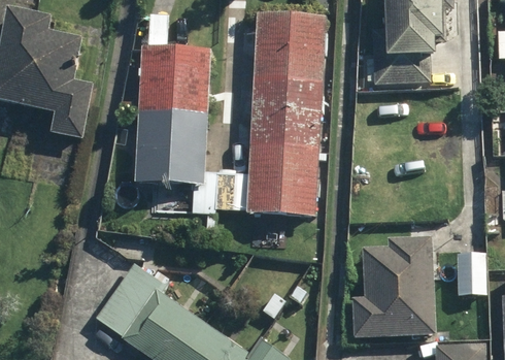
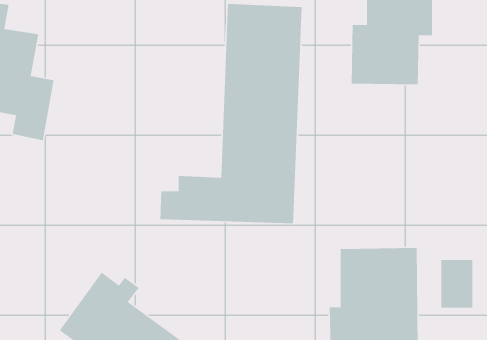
building: [134,13,211,185] -> none

